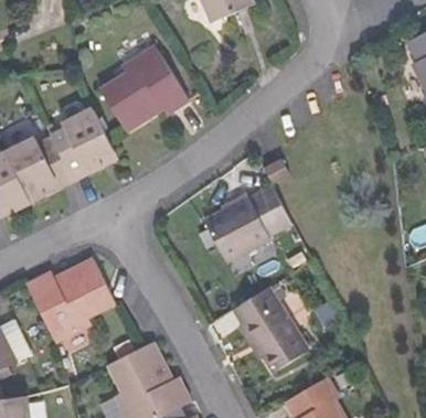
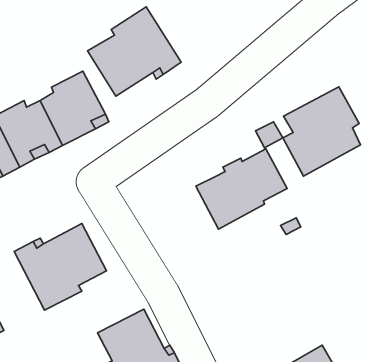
building: none -> [283,87,360,176]
building: [233,286,308,373] -> none

